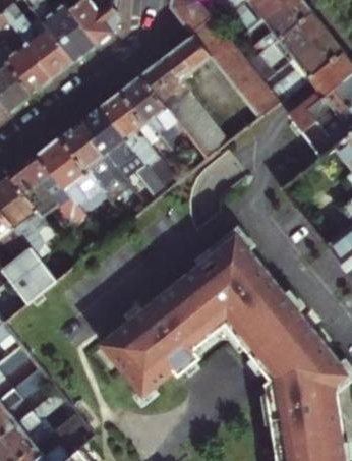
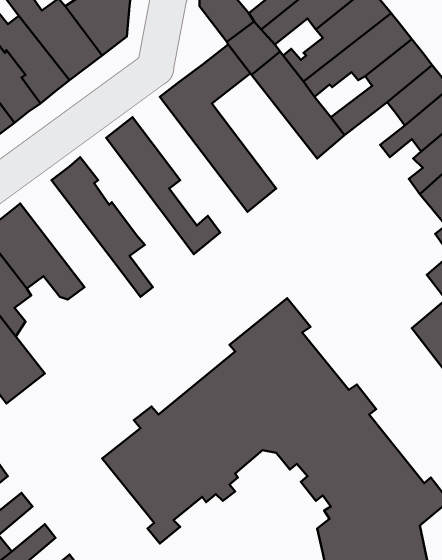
building: [120,74,185,158] -> none
building: [81,105,166,199] -> none
building: [37,136,107,216] -> none

